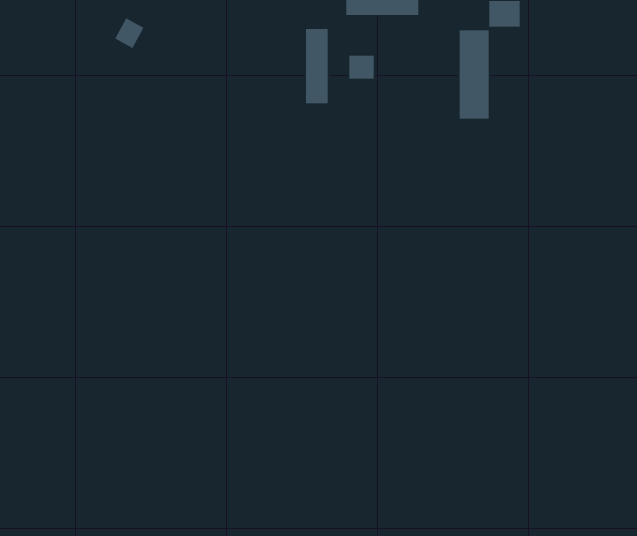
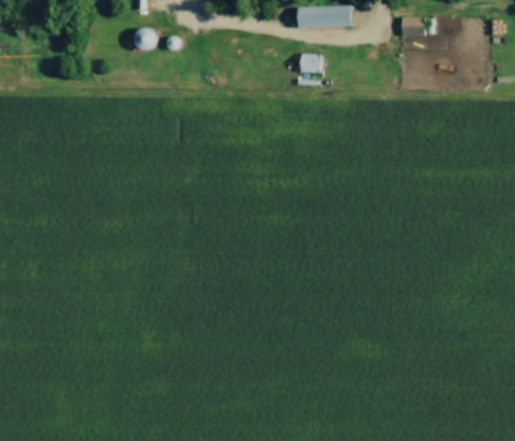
building: [305,28,328,104] -> none
building: [459,29,489,120] -> none

